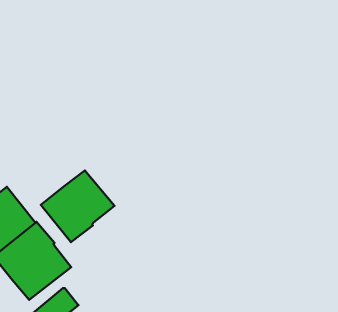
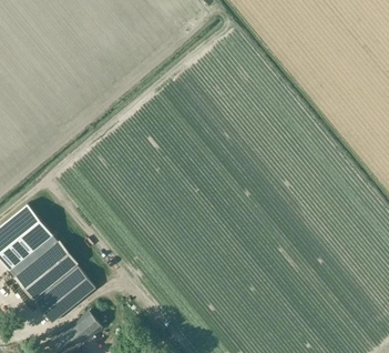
building: [41,170,114,242] -> none

